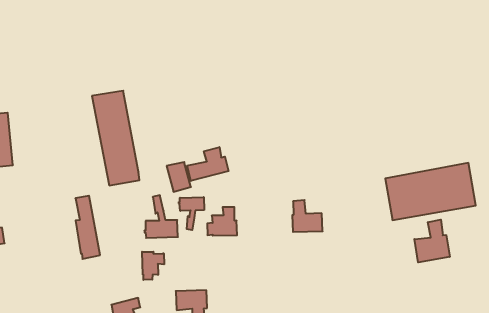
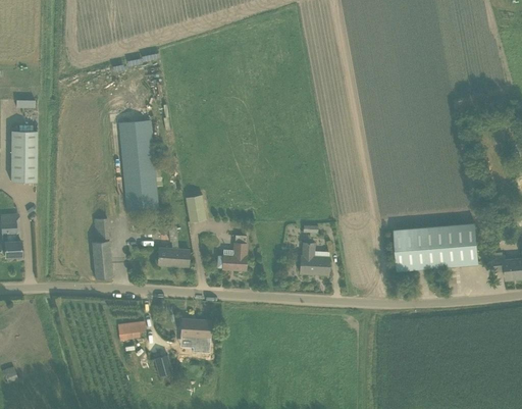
building: [187,147,229,181] -> none
building: [179,197,204,230] -> none
building: [414,220,450,262] -> none
building: [142,252,164,280] -> none

